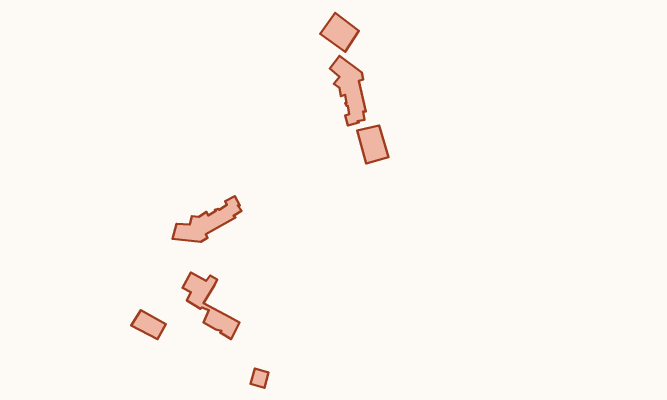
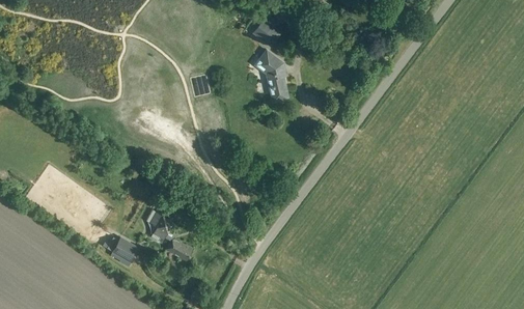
building: [357,126,389,164] -> none
building: [173,196,241,242] -> none

